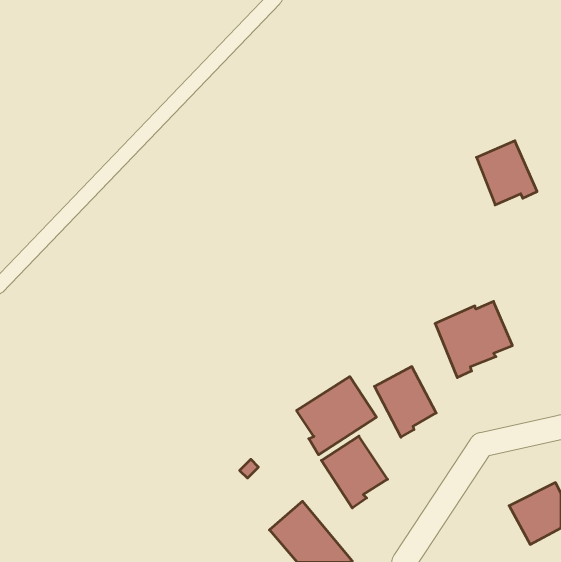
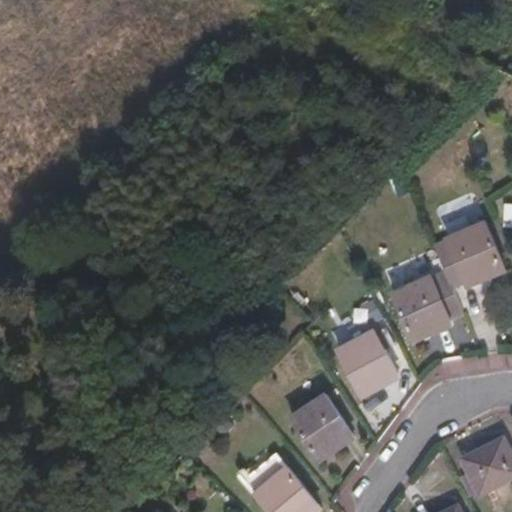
building: [476,141,537,205] -> [449,224,504,282]
building: [297,377,376,455] -> none

